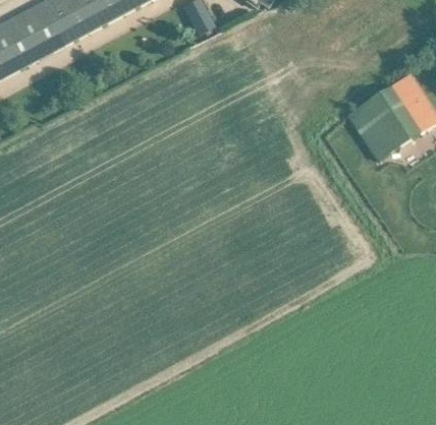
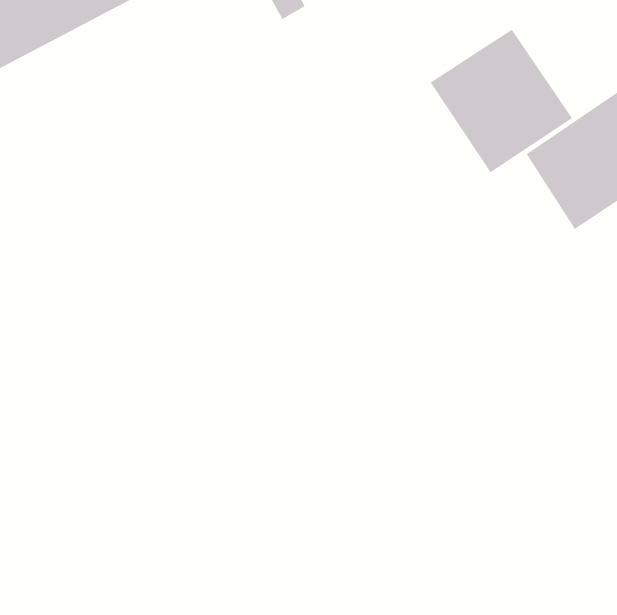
building: none -> [430,29,573,173]

